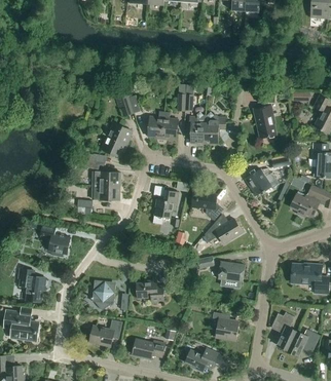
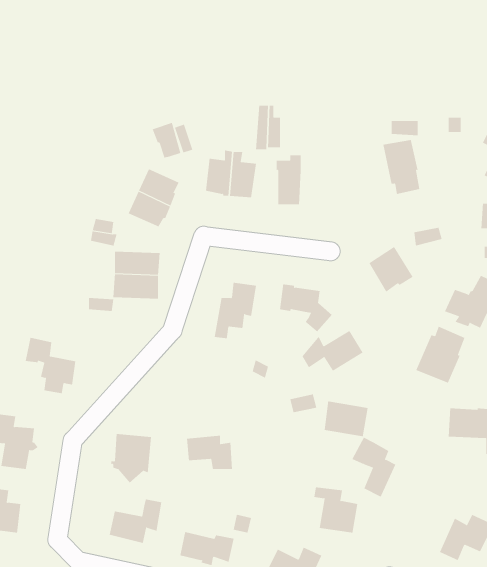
building: [205,114,226,144] -> none
building: none -> [415,326,465,383]
building: [270,314,297,351] -> [351,437,396,499]

